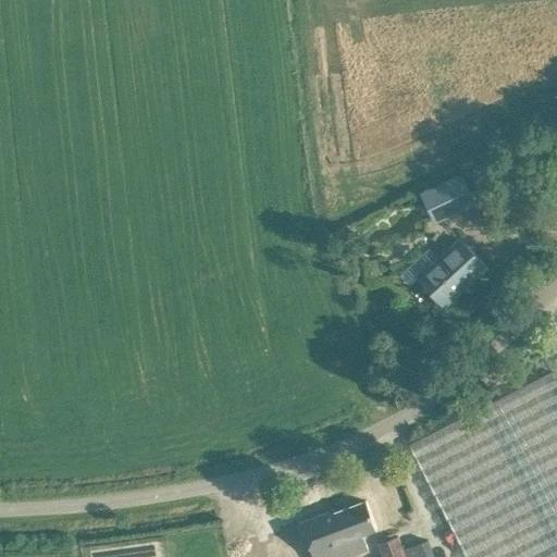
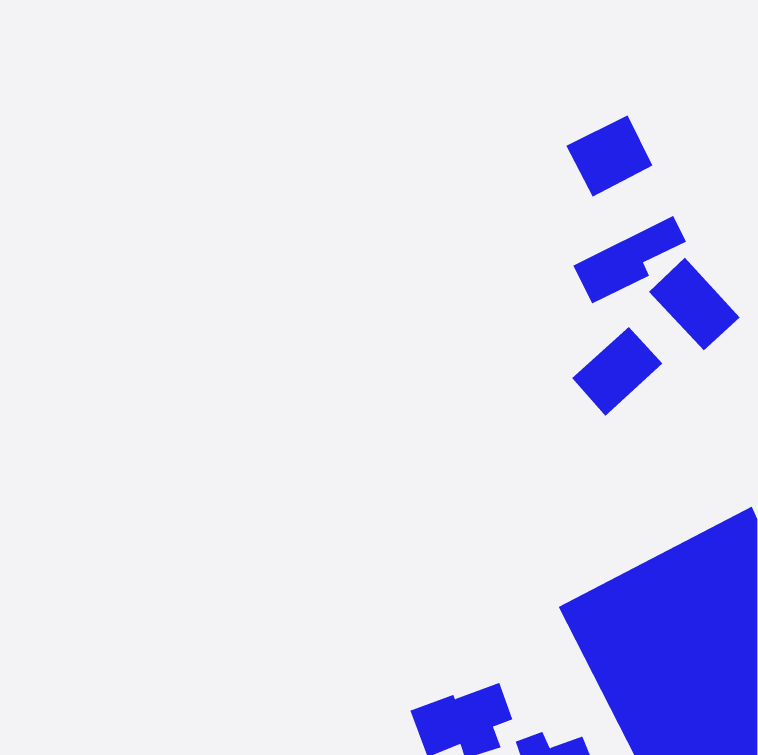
building: none -> [566,115,653,197]
building: none -> [648,257,740,351]

